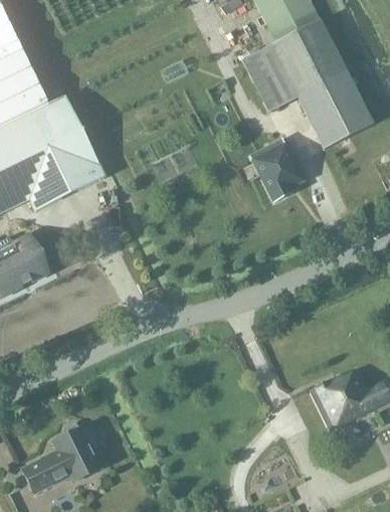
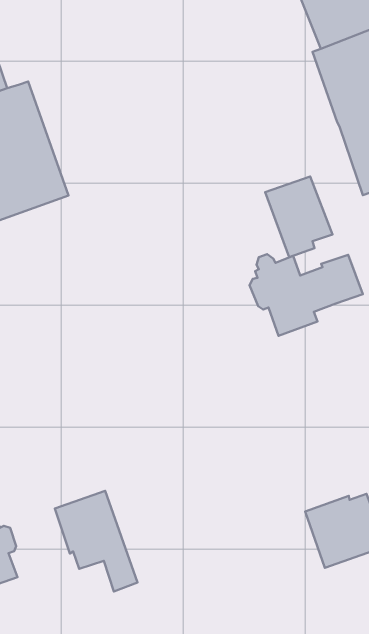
building: [242,44,299,113] -> none
building: none -> [250,254,363,336]
building: none -> [55,491,137,591]

